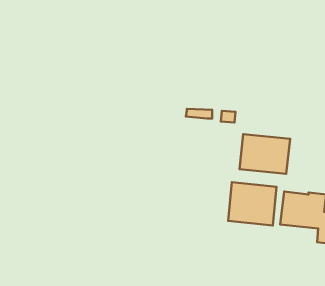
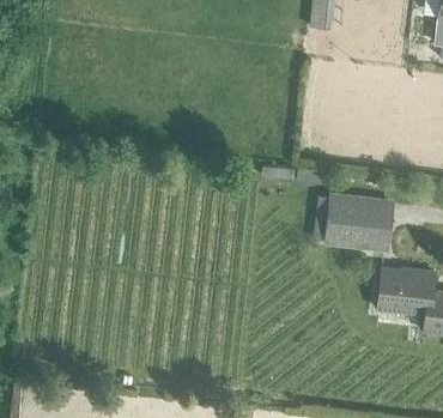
building: [228,182,277,226] -> none

